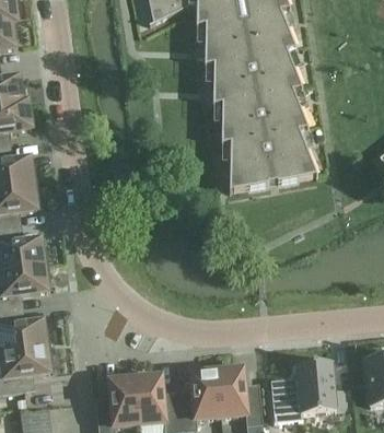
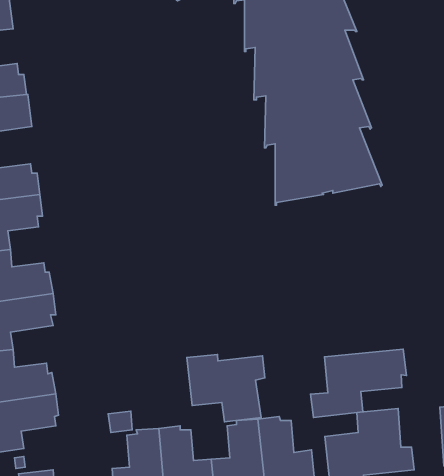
building: none -> [311,349,406,417]
building: none -> [187,354,265,422]

